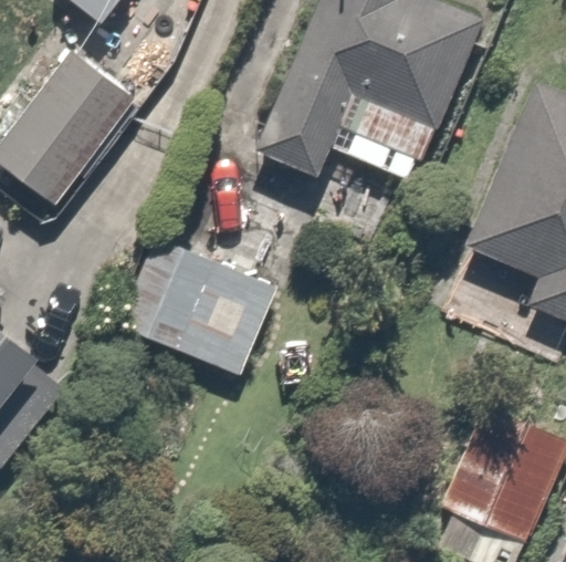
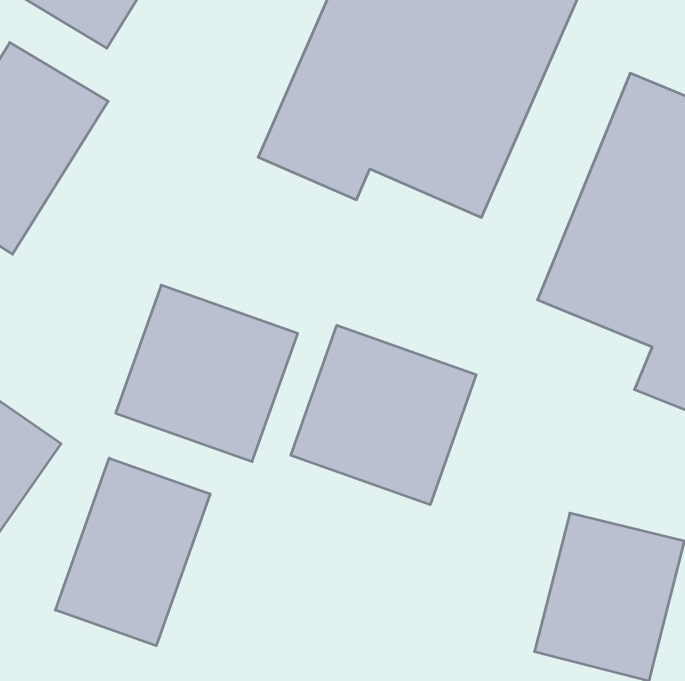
building: none -> [291,325,476,505]
building: none -> [55,458,210,646]

